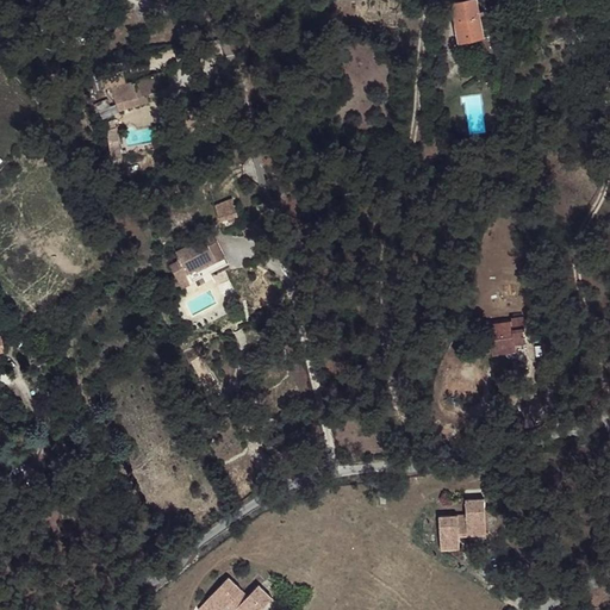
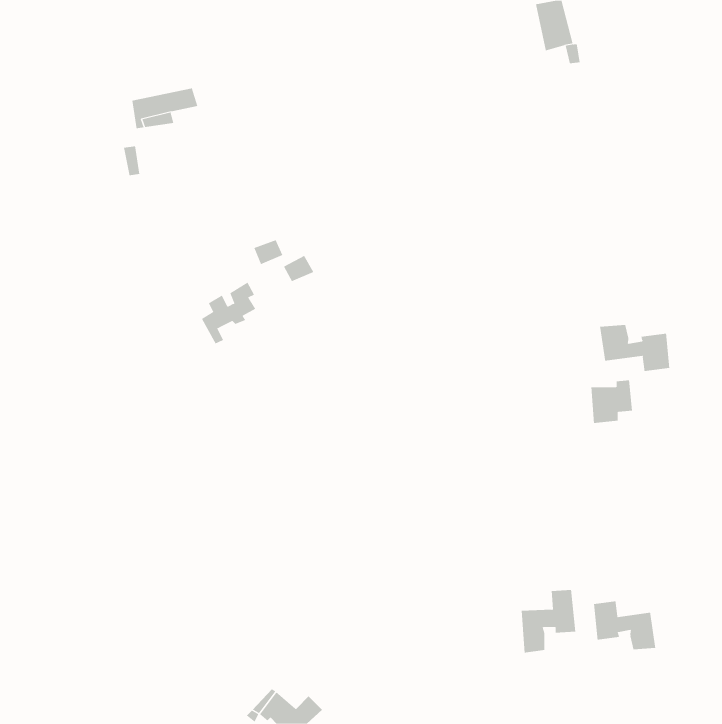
building: none -> [600,324,670,372]
building: none -> [594,601,656,650]

